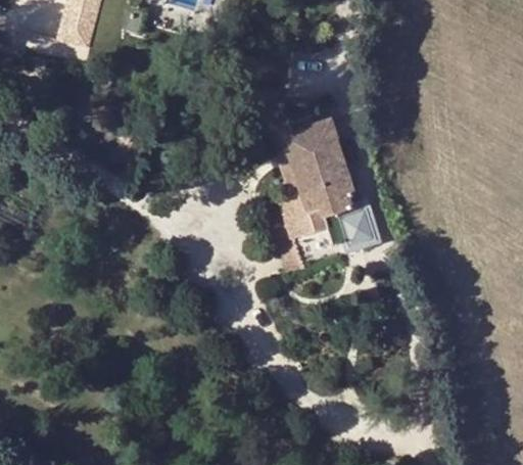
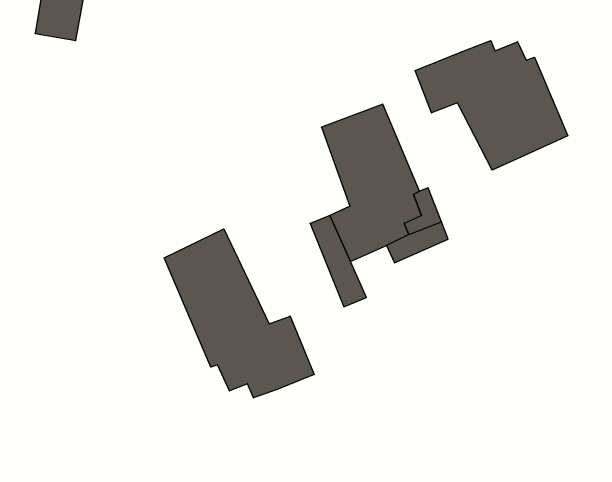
building: none -> [415,41,568,170]
building: none -> [164,229,314,398]

